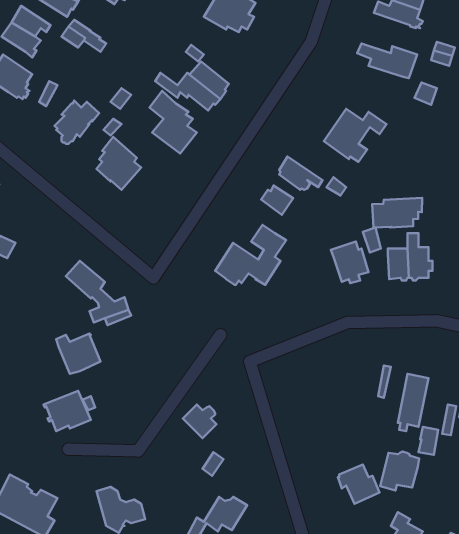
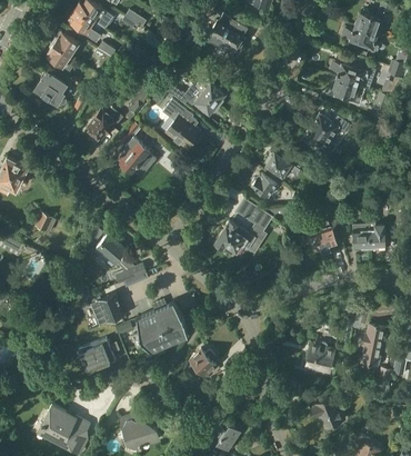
building: none -> [332,80,364,107]
building: [372,198,422,228] -> none
building: none -> [137,301,187,353]
building: [380,451,419,490] -> [303,344,334,375]

